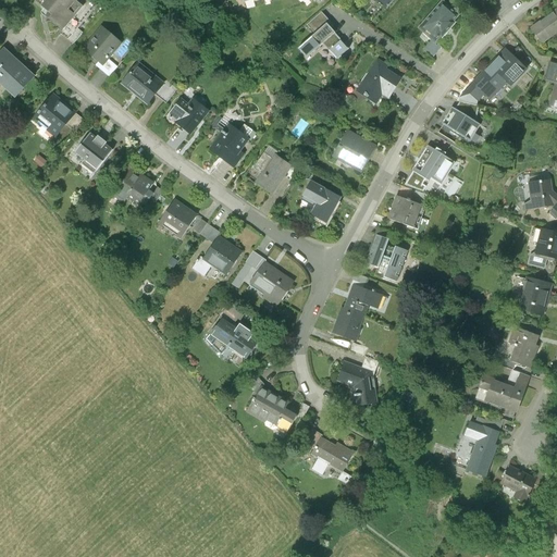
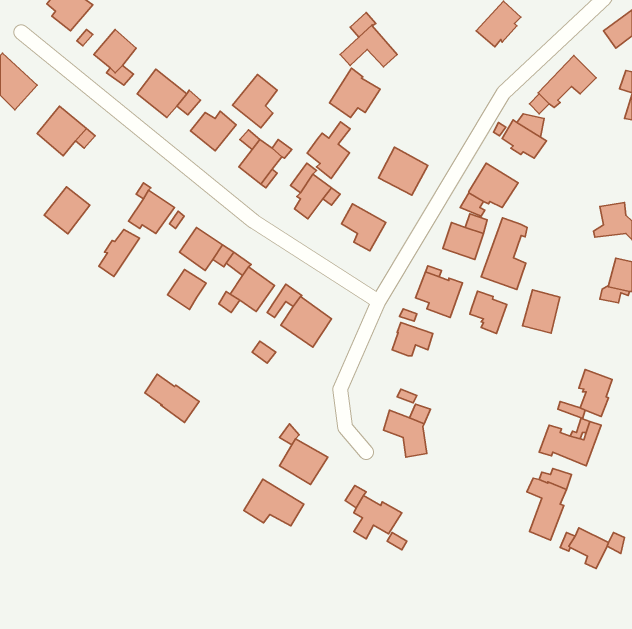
building: [357,60,401,103] -> [329,68,380,118]
building: none -> [232,74,277,128]
building: none -> [307,122,350,179]
building: [72,132,112,173] -> [44,187,90,234]
building: none -> [481,218,527,289]
building: none -> [99,229,140,277]
building: none -> [167,269,206,310]
building: none -> [470,291,507,333]
building: [518,276,550,314] -> [523,290,560,333]
building: [332,307,359,341] -> none
building: [210,317,258,359] -> [145,374,199,422]
building: none -> [244,479,304,526]

